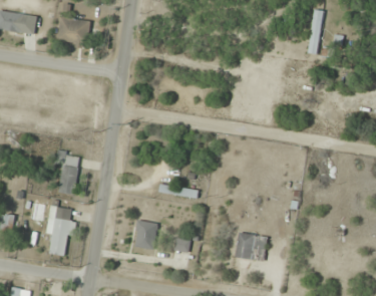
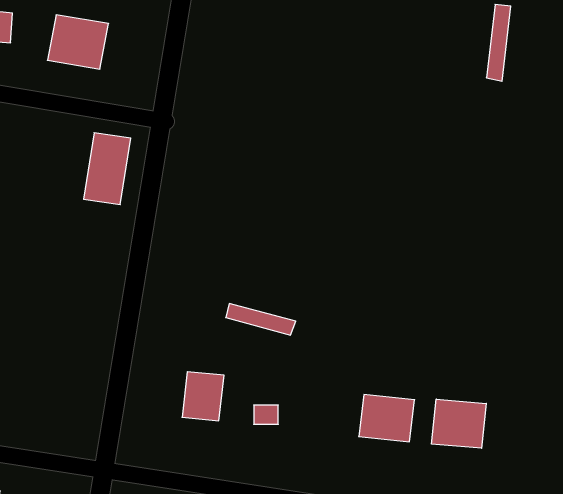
building: [53,154,80,195] -> [84,133,131,205]
building: [47,207,74,256] -> none
building: none -> [432,399,486,448]

